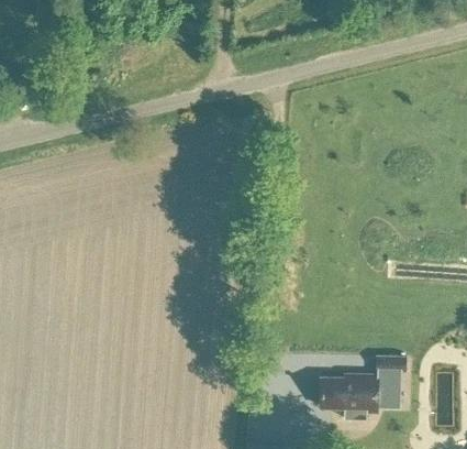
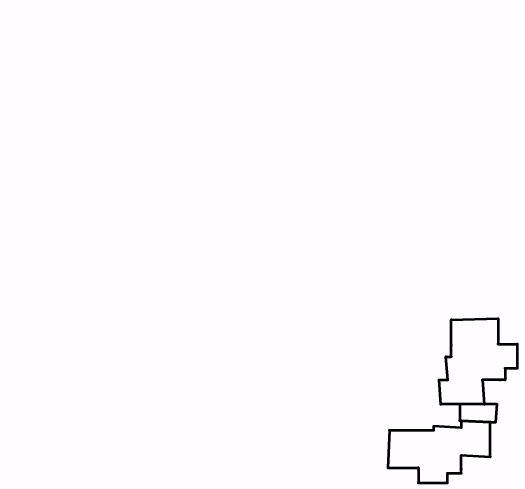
building: none -> [439,319,517,404]

